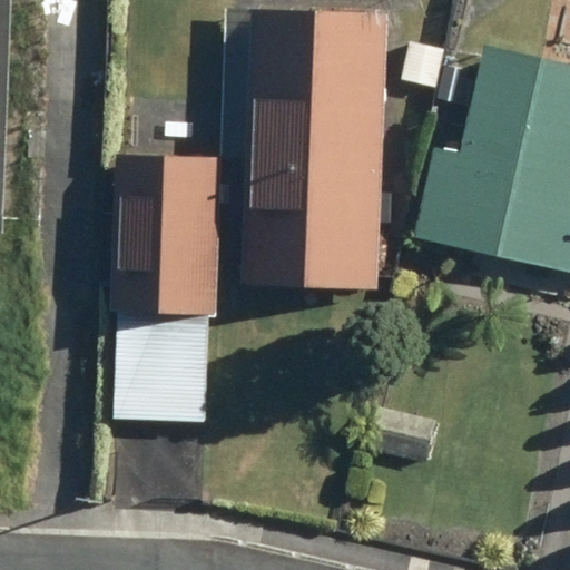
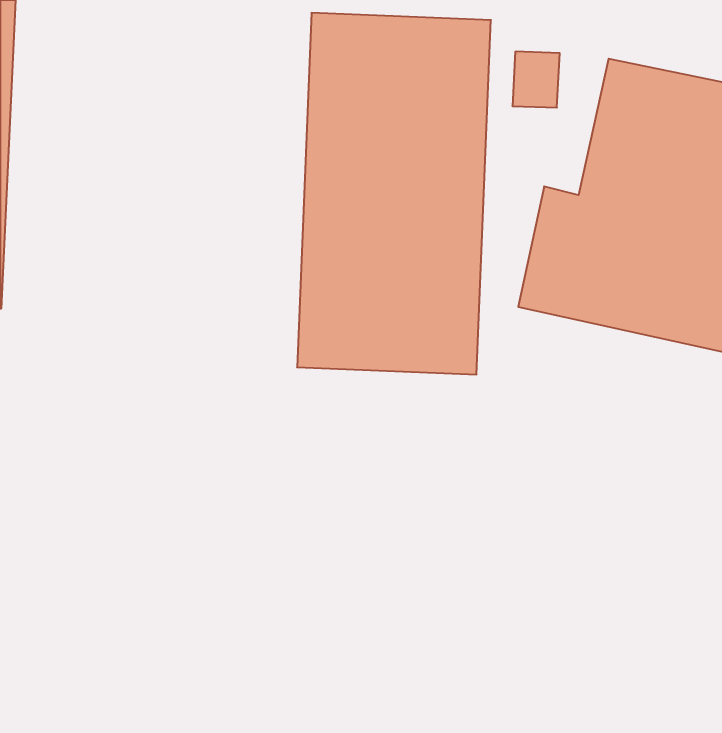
building: [110,154,224,396] -> none

